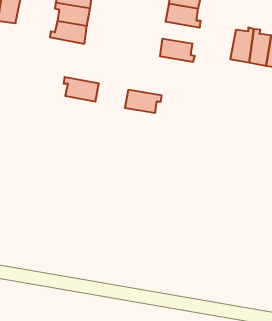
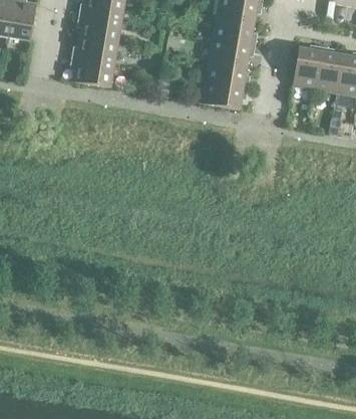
building: none -> [209,38,255,65]
building: [64,77,99,102] -> [70,57,113,87]
building: [125,90,162,113] -> [202,80,247,109]

